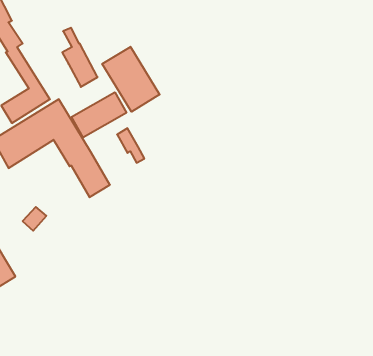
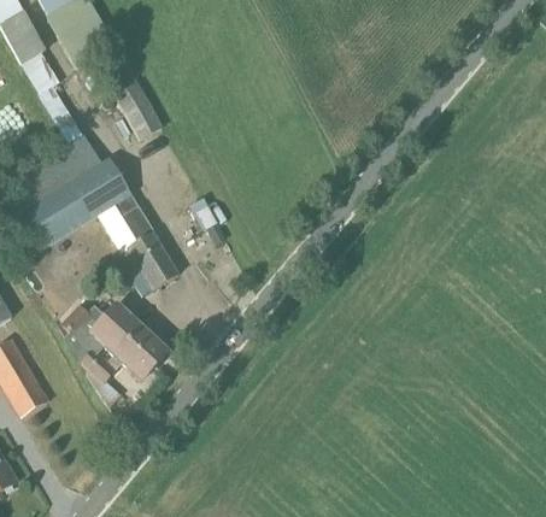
building: [102,47,160,112] -> none
building: [72,92,126,137] -> none
building: none -> [78,304,165,382]

